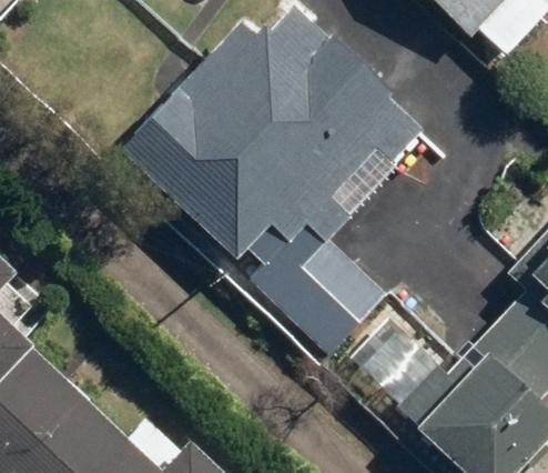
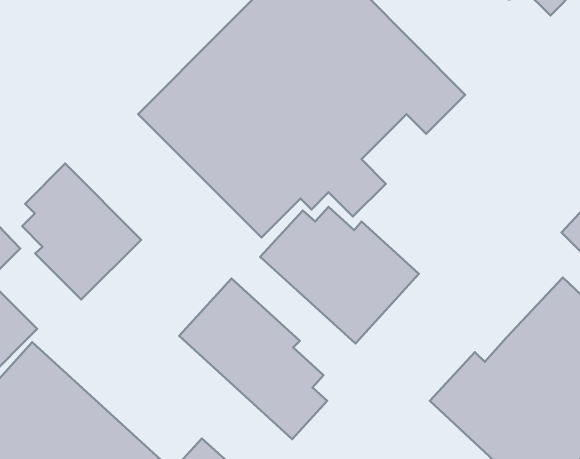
building: none -> [22,164,141,300]
building: none -> [179,279,327,439]

